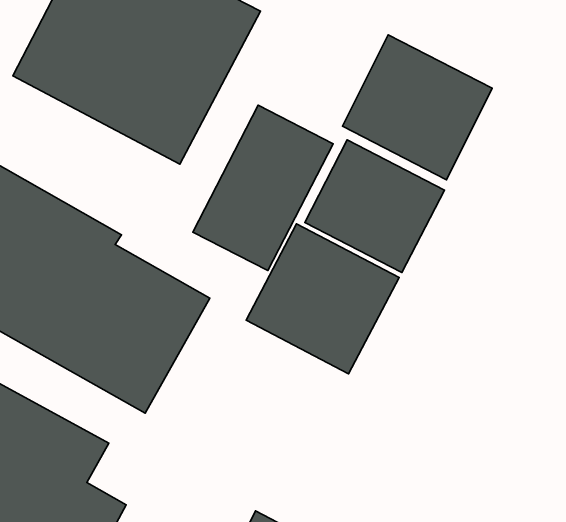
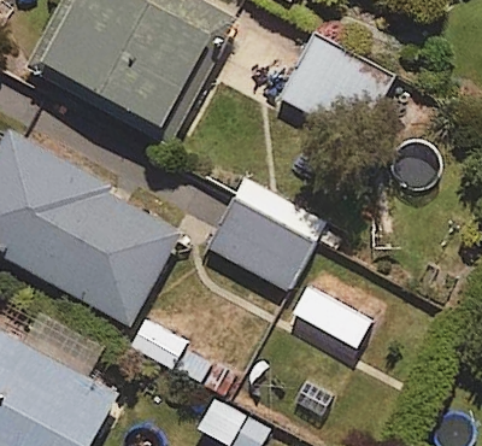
building: [193,105,333,271] -> none
building: [305,140,444,273] -> none

